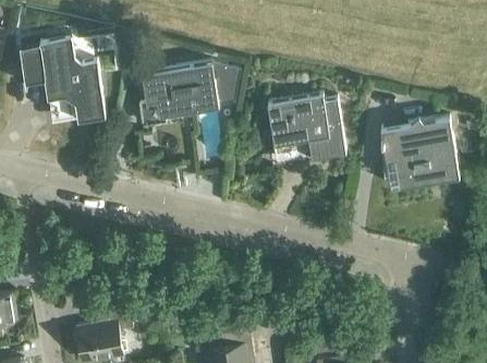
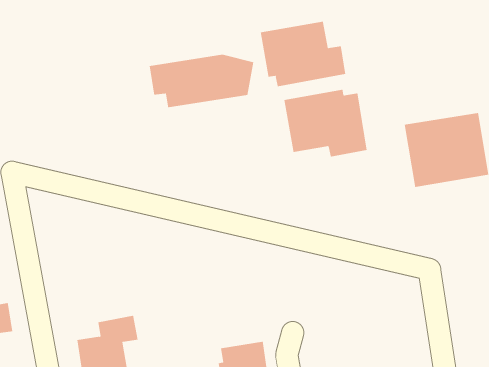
building: none -> [260,21,346,87]
building: [20,40,100,118] -> none

